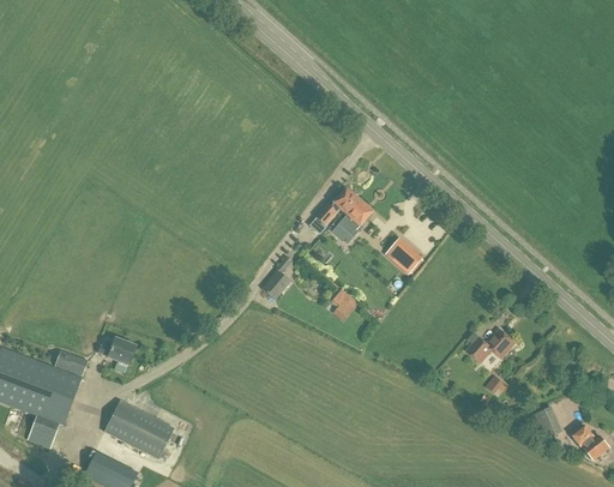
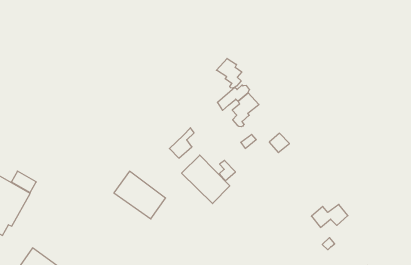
building: none -> [216,58,242,88]
building: none -> [182,155,230,204]
building: [97,337,136,365] -> none
building: [103,398,174,458] -> [114,171,166,219]

